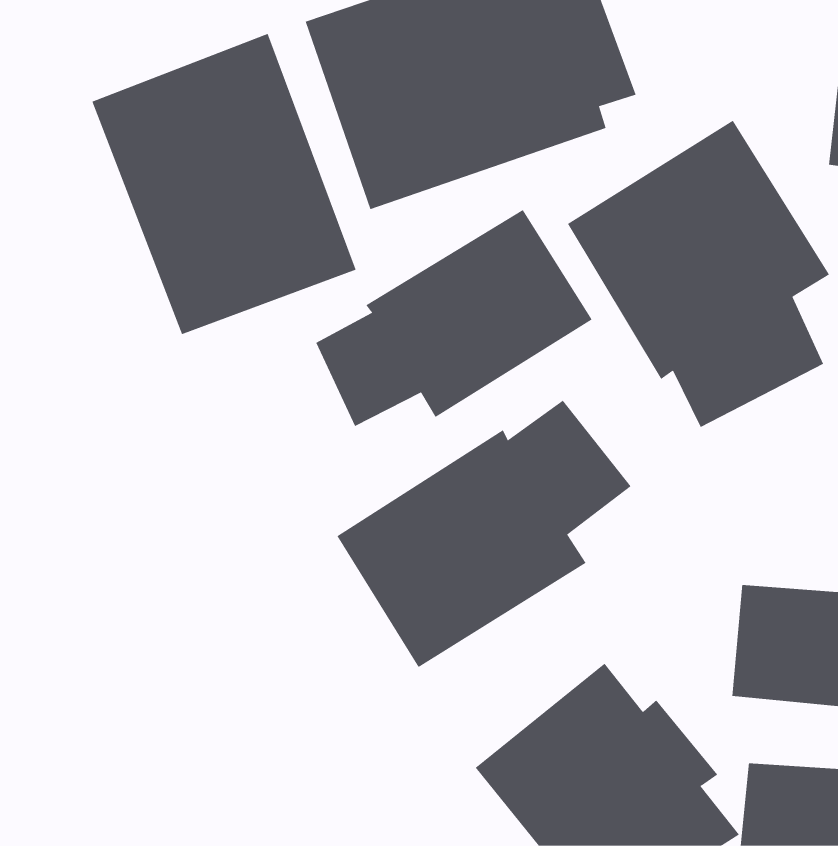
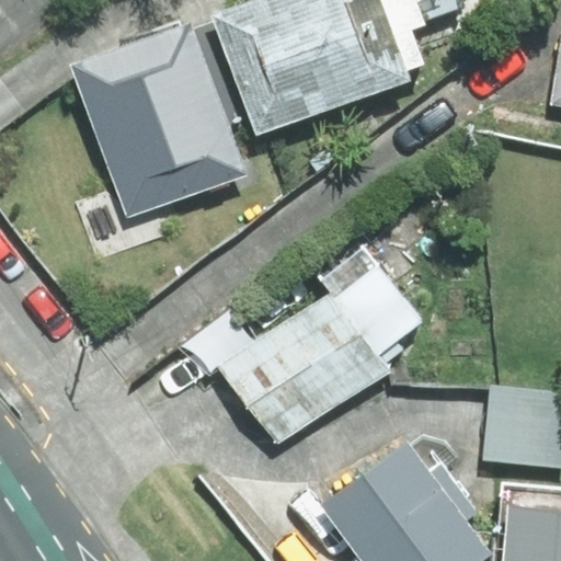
building: [567,120,830,428] -> none
building: [315,209,592,427] -> none

